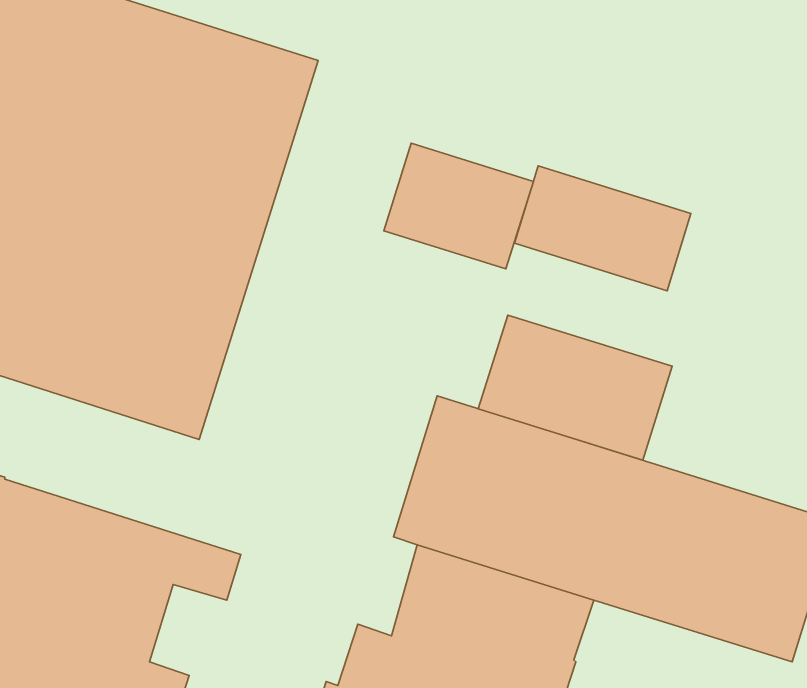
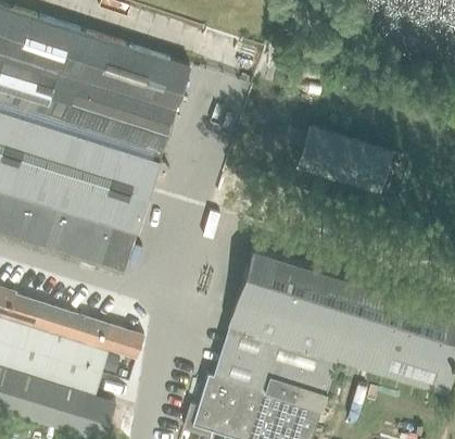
building: [384,143,533,269] -> none
building: [478,315,672,460] -> none

